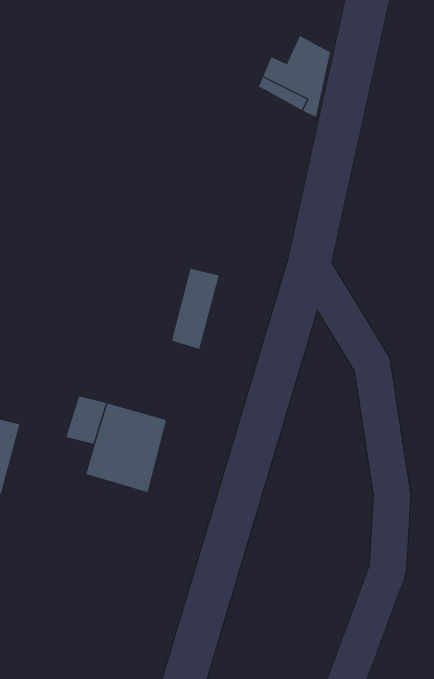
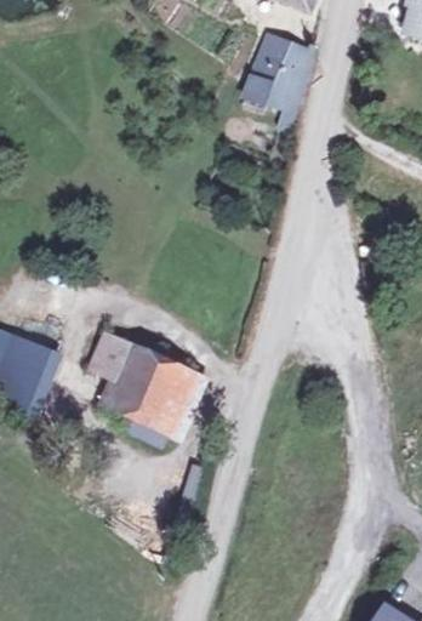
building: [171,268,220,349] -> [155,359,196,428]

